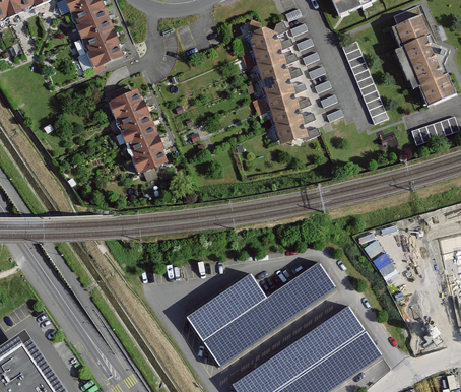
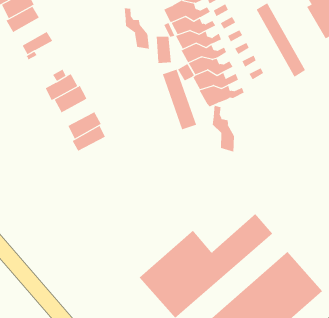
building: [84,29,122,58] -> none
building: none -> [124,7,149,49]
building: none -> [156,36,171,64]
building: none -> [162,69,197,130]
building: [121,123,157,149] -> none
building: none -> [212,105,235,152]

